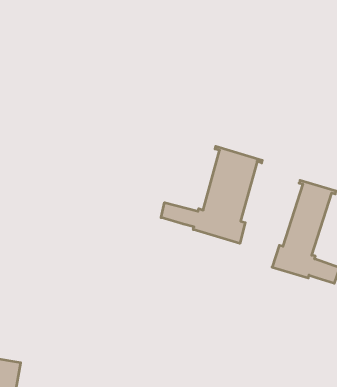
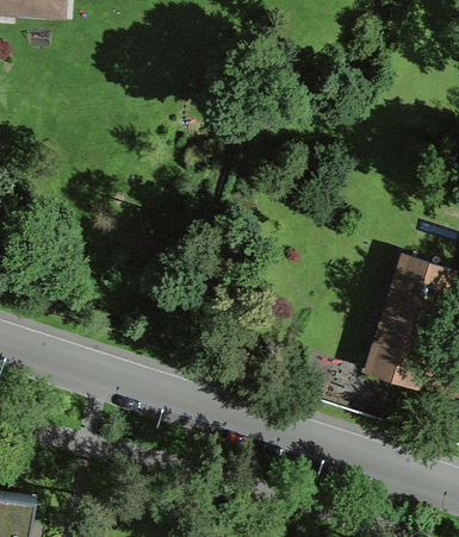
building: [161,146,262,243] -> none

